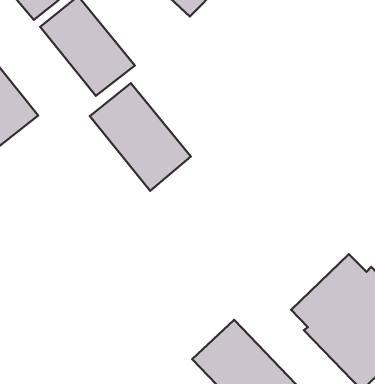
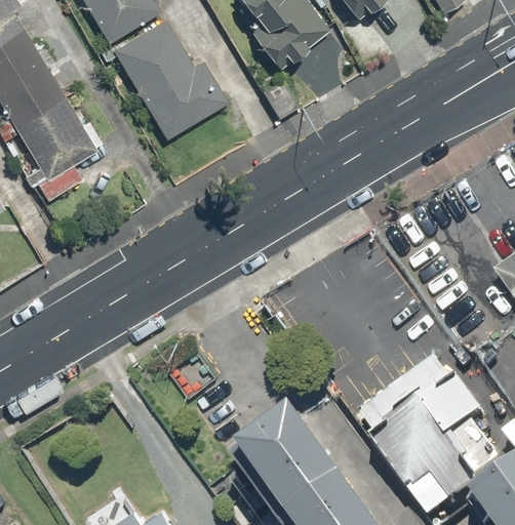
building: [90,83,191,191] -> none

